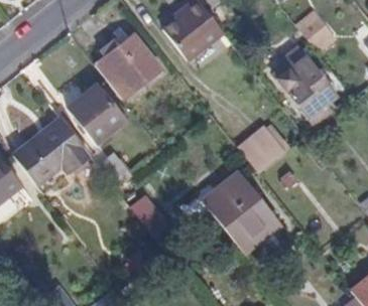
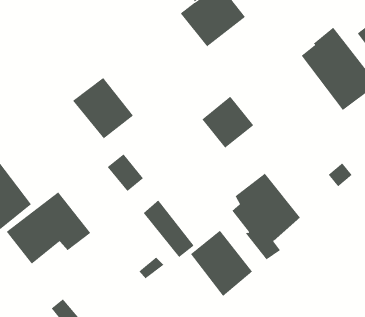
building: [96,34,159,98] -> none
building: [14,118,91,183] -> [6,191,91,264]
building: [239,125,286,172] -> [201,96,254,149]
building: none -> [190,230,253,297]

